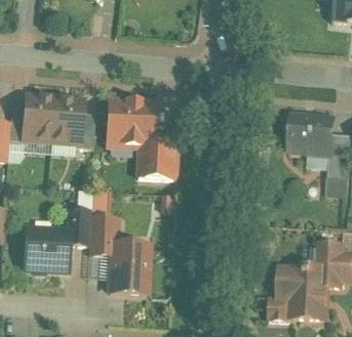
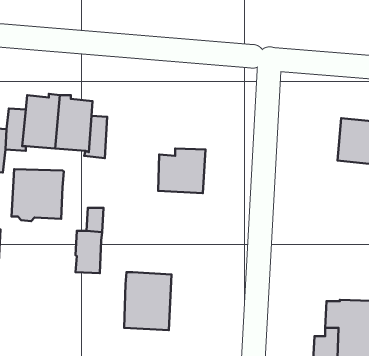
building: [107,100,154,146] -> none
building: [88,218,117,255] -> none
building: [25,229,69,273] -> [12,169,64,221]

